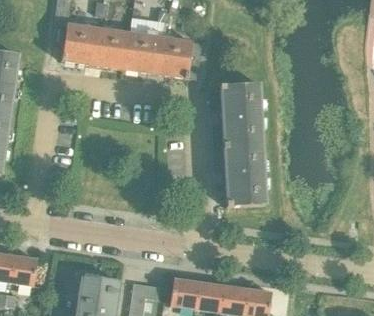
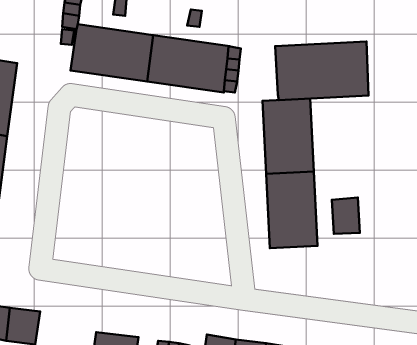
building: none -> [275,41,369,100]
building: none -> [332,197,360,234]

